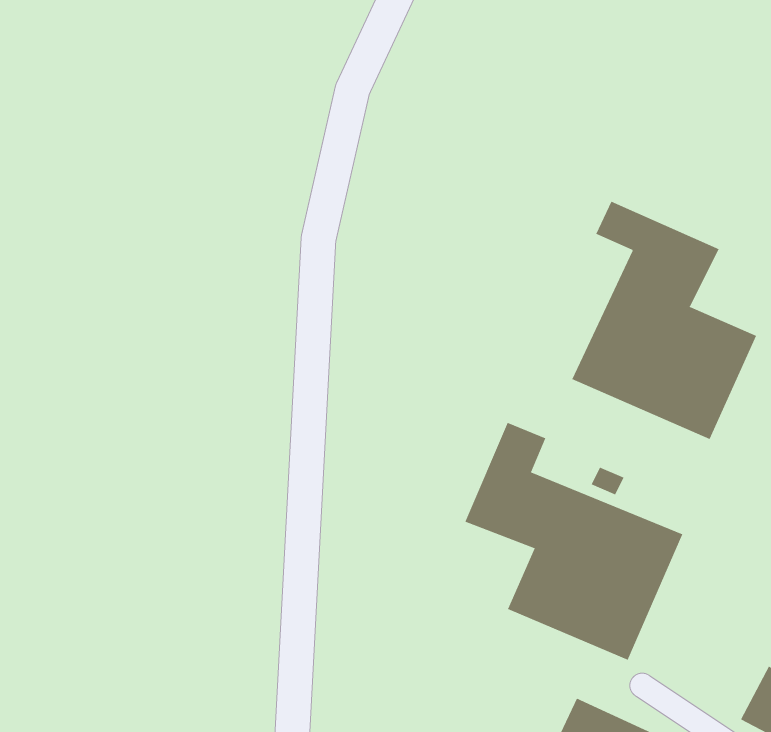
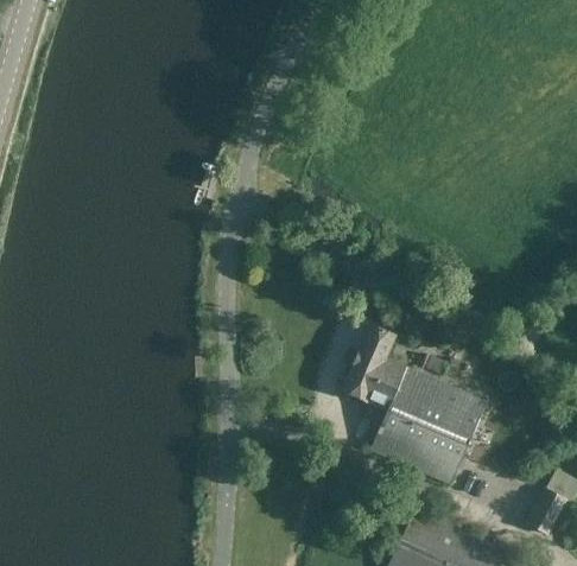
building: [572,201,757,440] -> none

